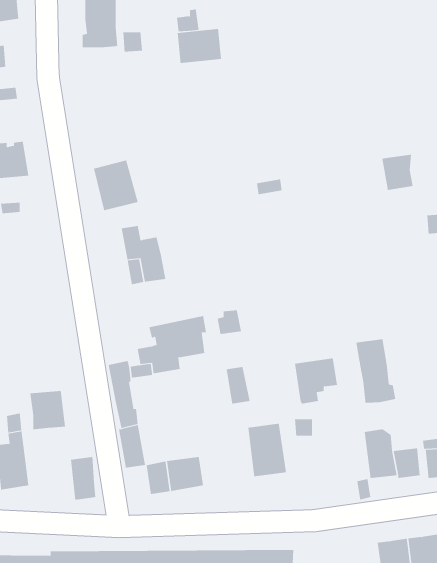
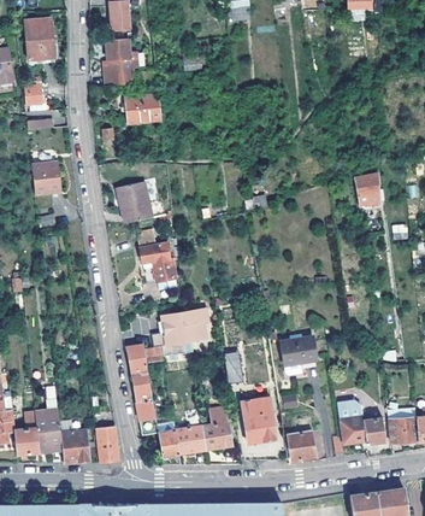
building: [177,28,222,63] -> [122,94,159,123]
building: [356,339,396,404] -> none
building: [29,390,66,430] -> [59,429,89,462]
building: none -> [201,406,231,450]
building: none -> [288,432,315,461]

